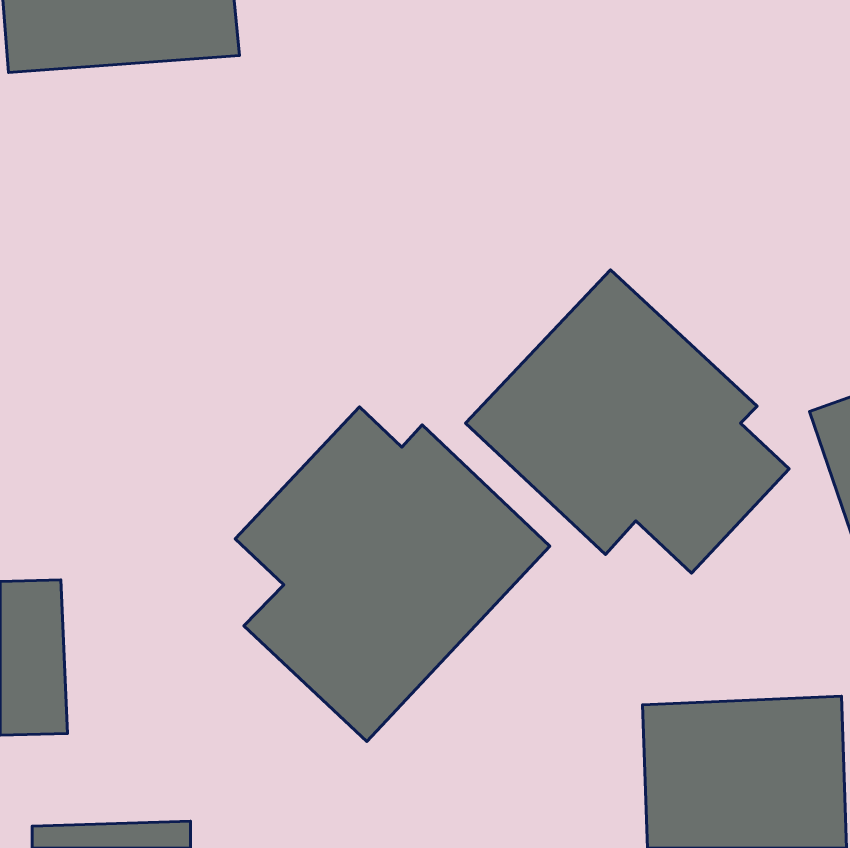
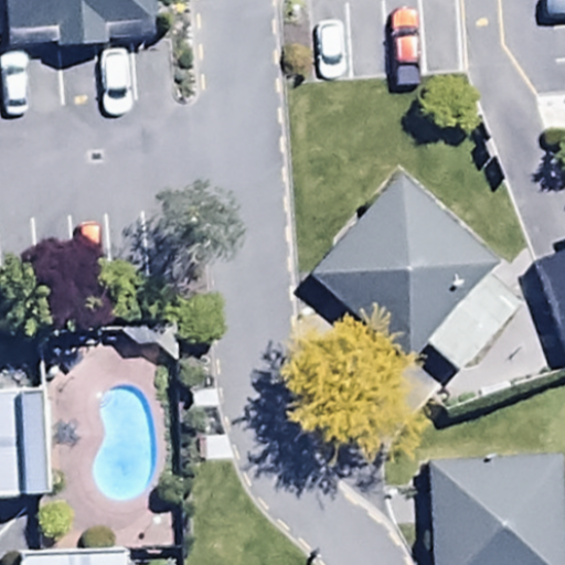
building: [235,407,550,741] -> none

